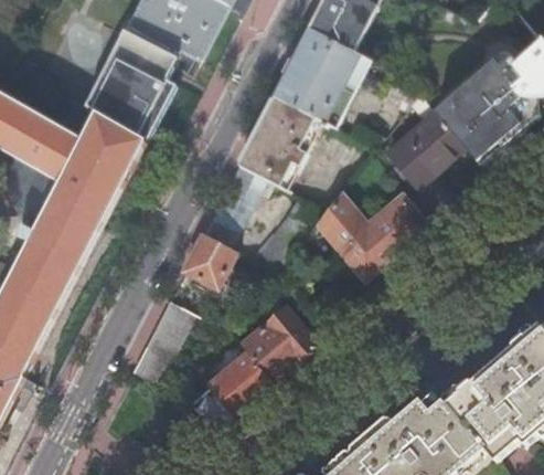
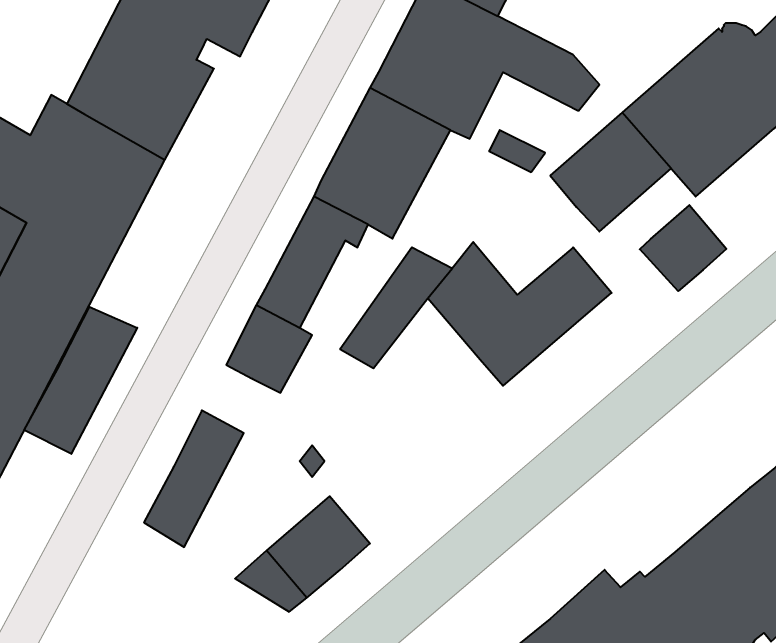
building: none -> [640,205,726,291]
building: none -> [24,307,137,454]
building: [242,306,318,381] -> none

